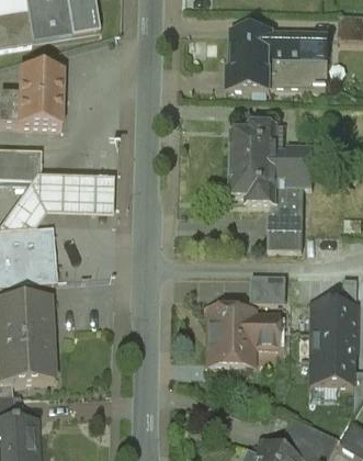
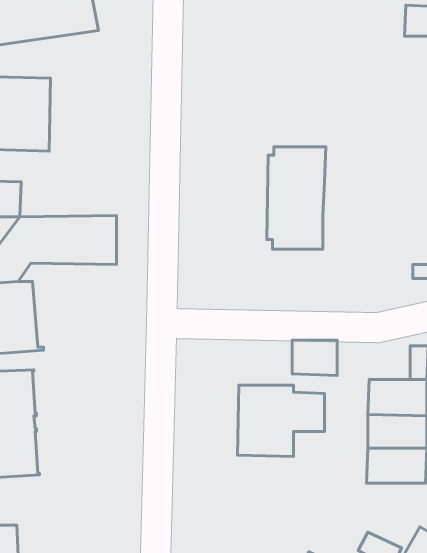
building: [227,29,328,86] -> none
building: [276,143,314,182] -> none
building: [269,211,304,246] -> none

